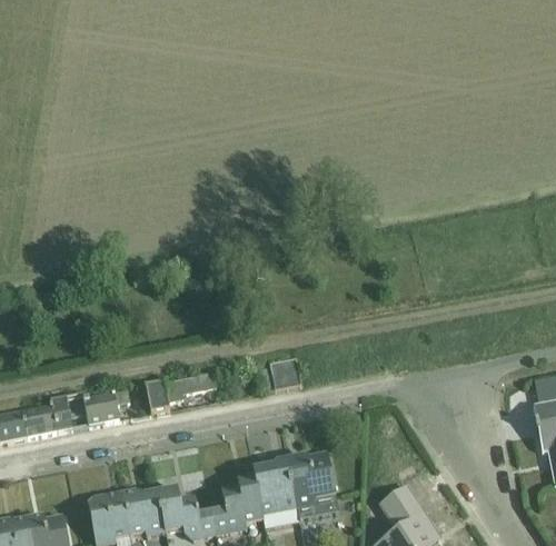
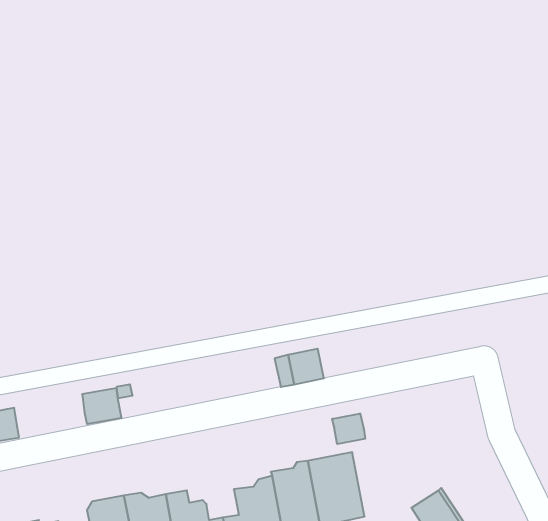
building: [147,374,216,413] -> none
building: [23,395,87,437] -> none
building: none -> [332,413,365,444]

